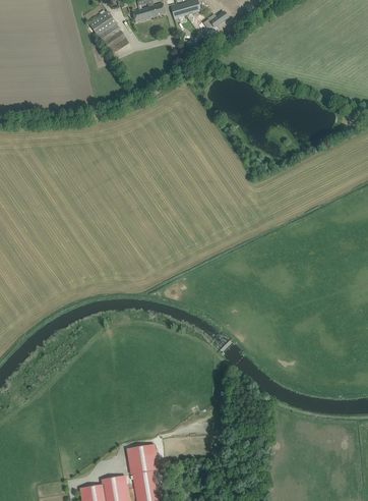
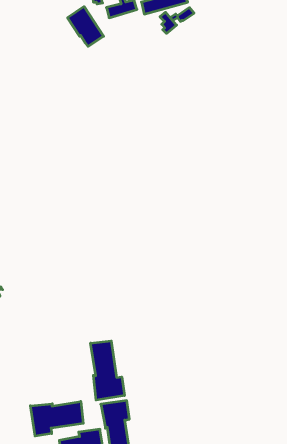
building: none -> [91,341,124,400]
building: none -> [30,401,83,436]

